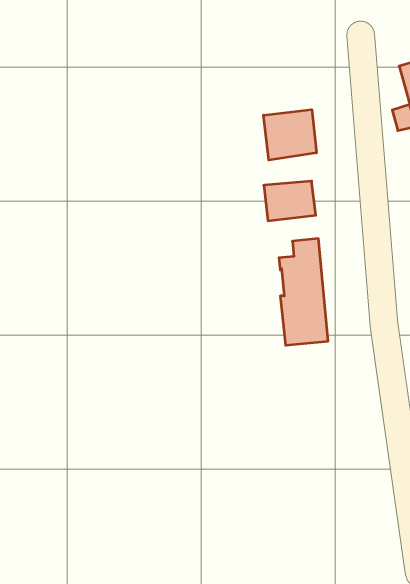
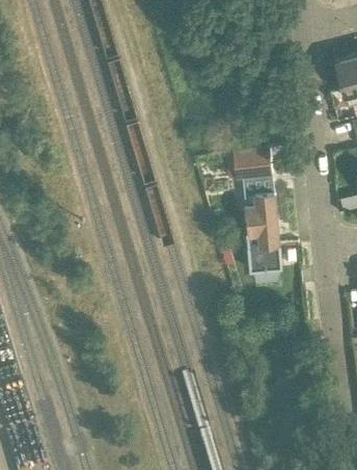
building: [264,110,316,160] -> none

